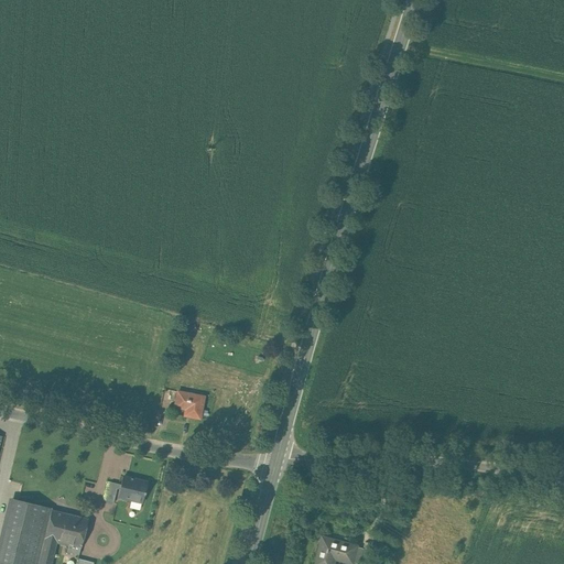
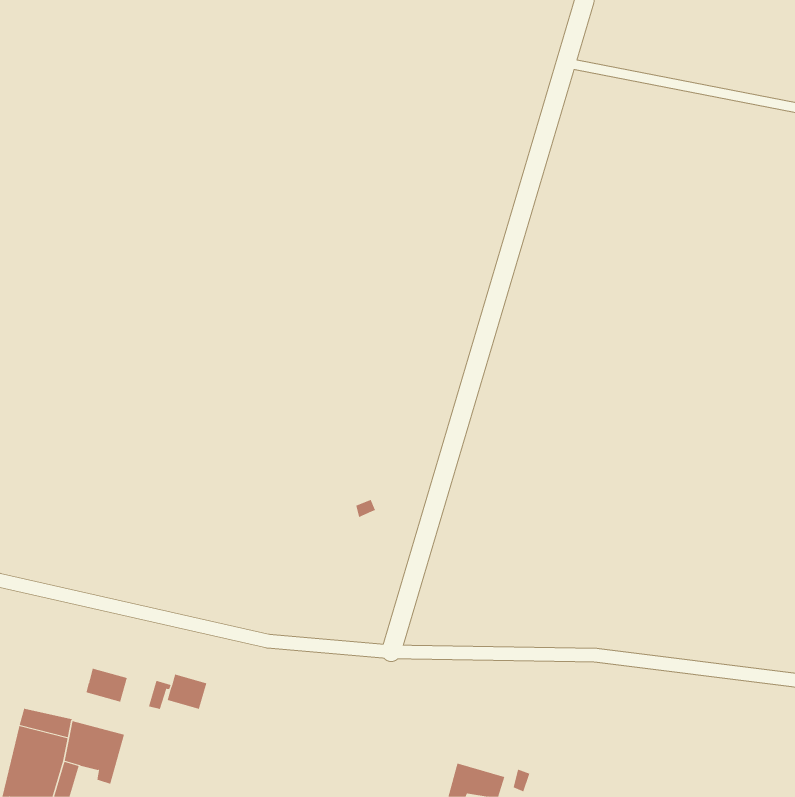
building: [173,391,203,419] -> none
building: none -> [86,668,127,703]

